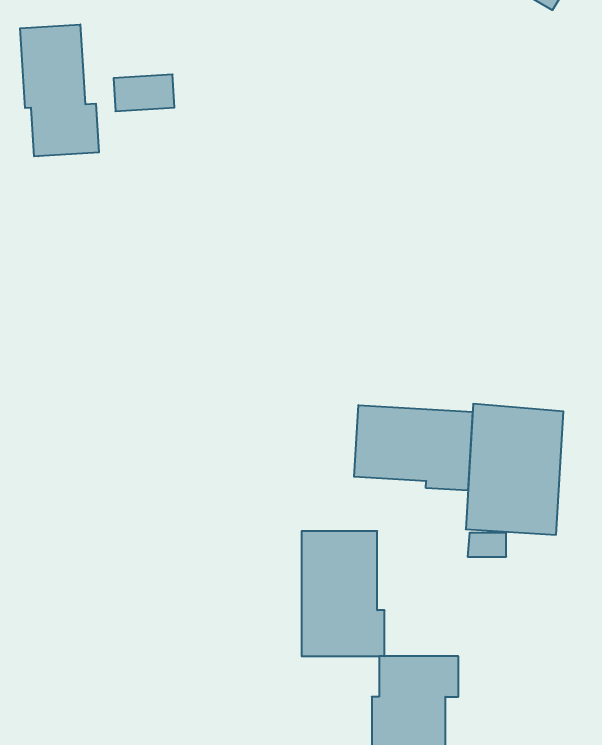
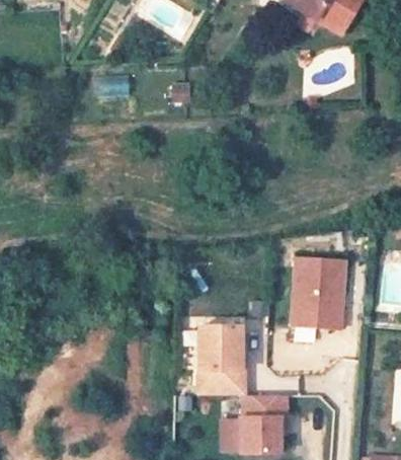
building: [20,24,99,156] -> none
building: [354,405,473,491] -> none

